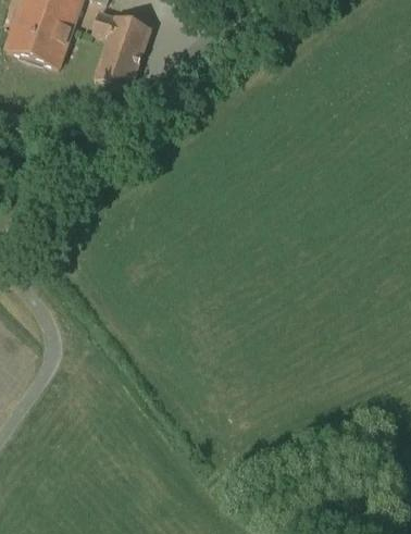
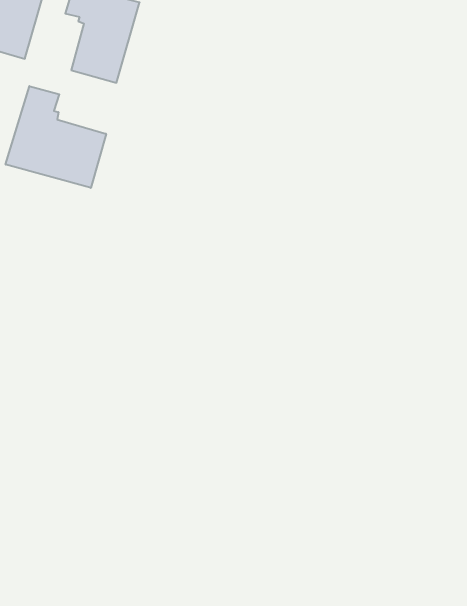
building: none -> [6,86,106,188]

